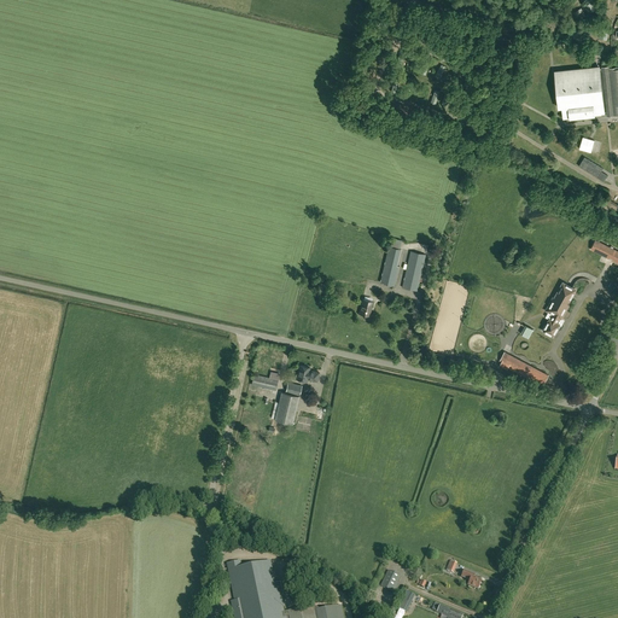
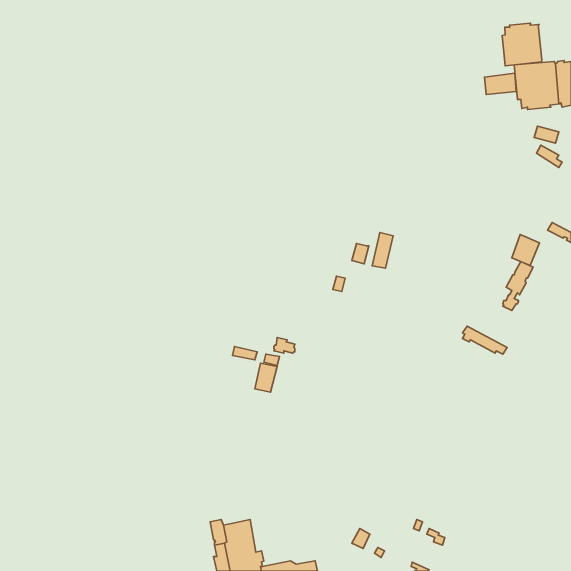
building: none -> [502,23,542,66]
building: none -> [484,73,516,95]
building: none -> [512,234,540,265]

